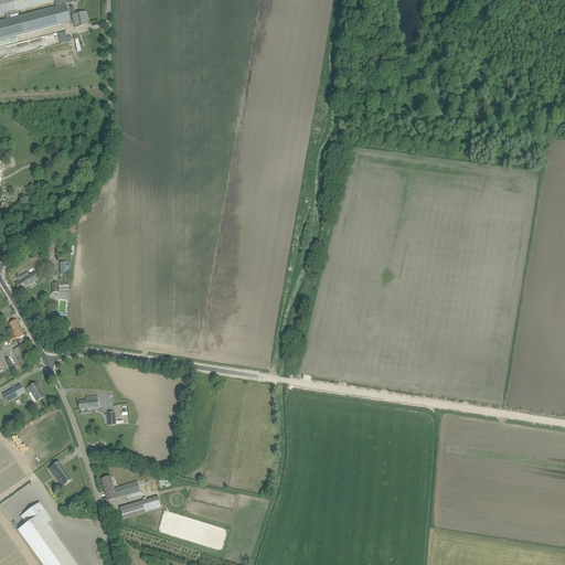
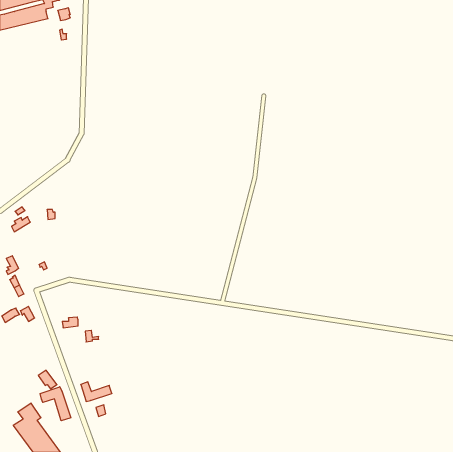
building: none -> [40,387,71,421]

